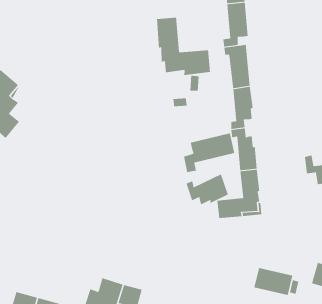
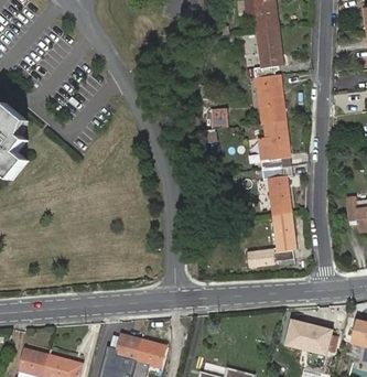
building: [157,17,210,76] -> none
building: [184,132,235,173] -> none
building: [186,173,228,205] -> none

